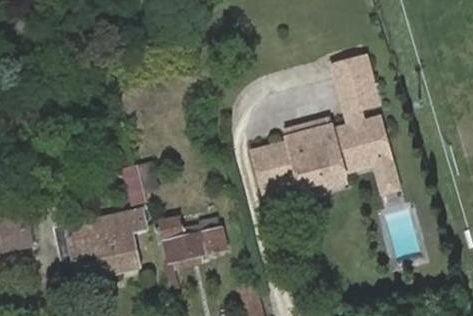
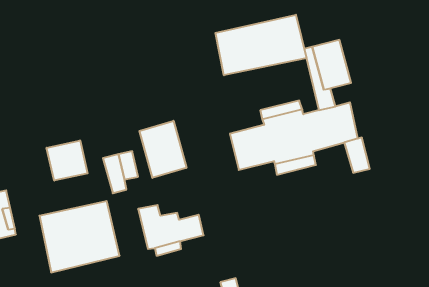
building: none -> [215,15,306,75]
building: none -> [139,121,186,178]
building: none -> [47,140,88,181]

